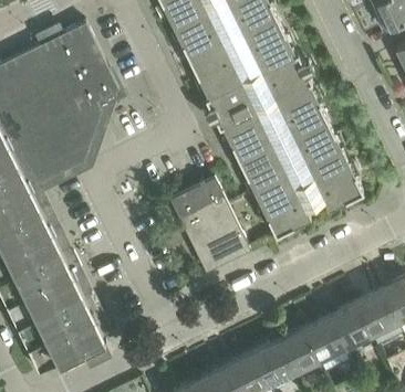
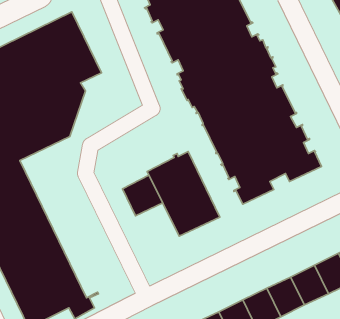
building: none -> [122,175,163,216]

